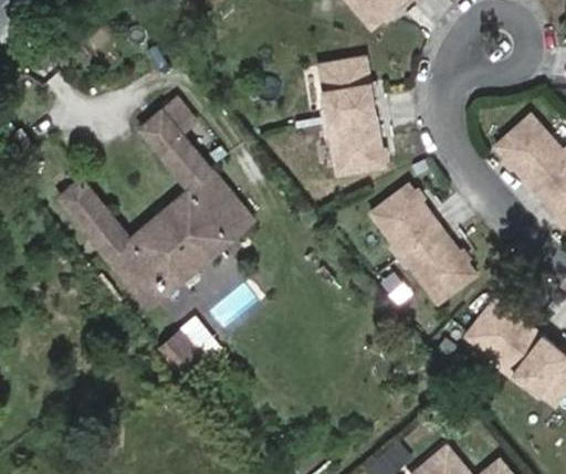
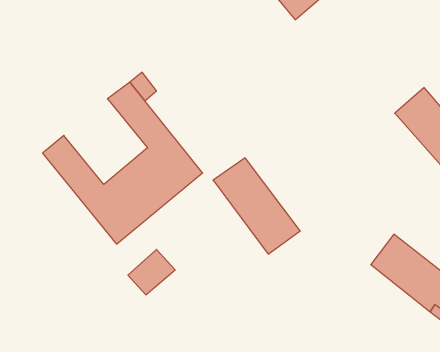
building: [318,55,385,175] -> none
building: [369,183,478,303] -> [213,158,300,254]

